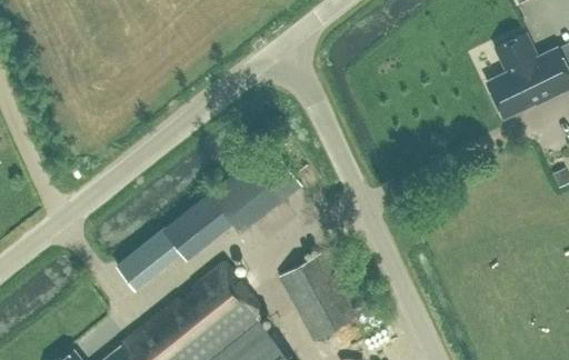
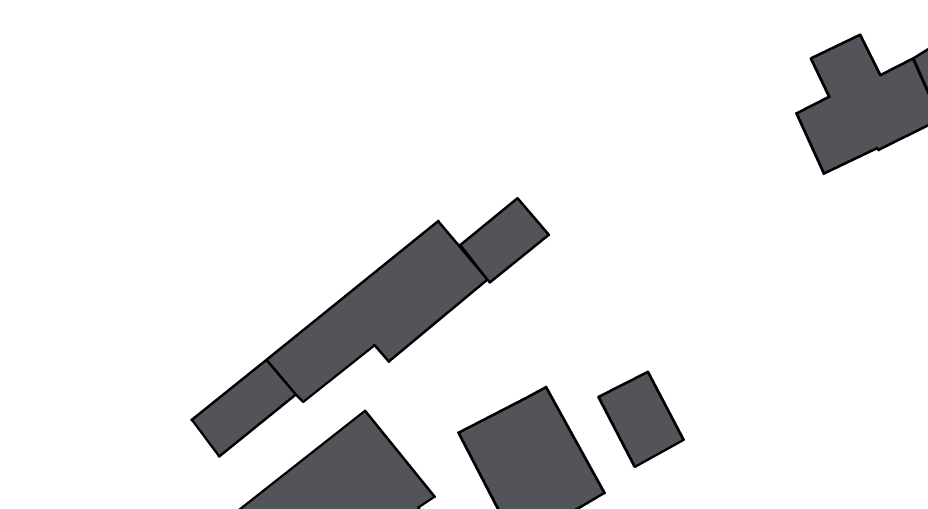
building: none -> [460,198,549,282]
building: none -> [599,372,684,467]

